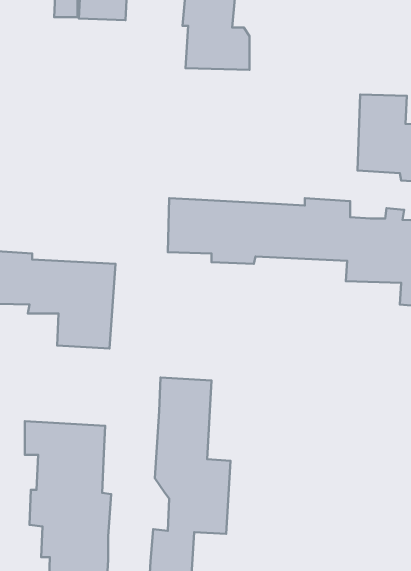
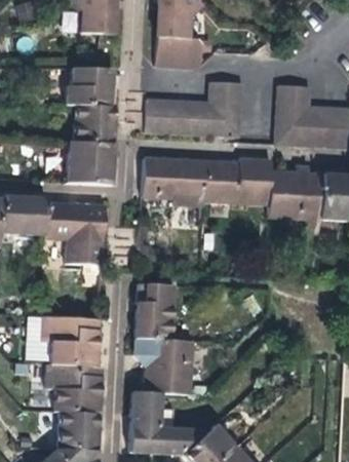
building: none -> [67,68,117,184]
building: none -> [147,81,243,137]

